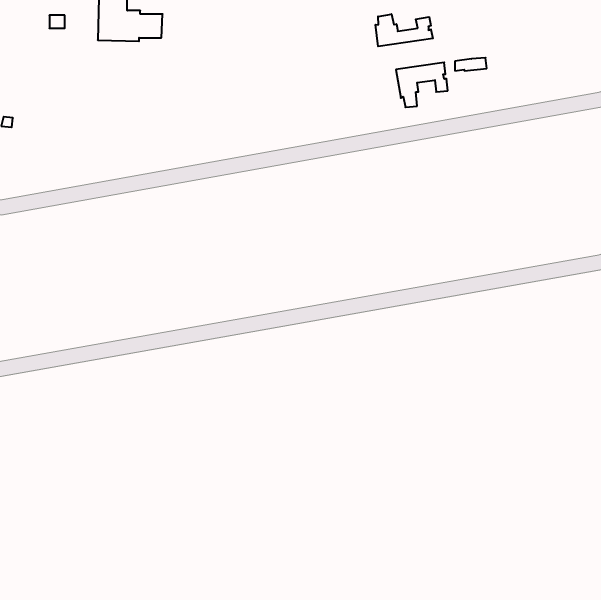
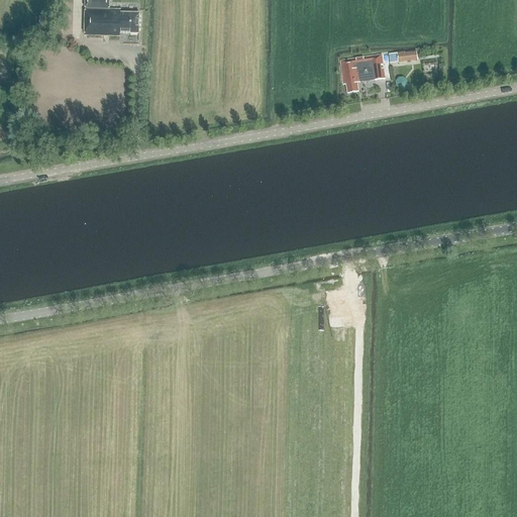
building: [376,14,433,46] -> none

